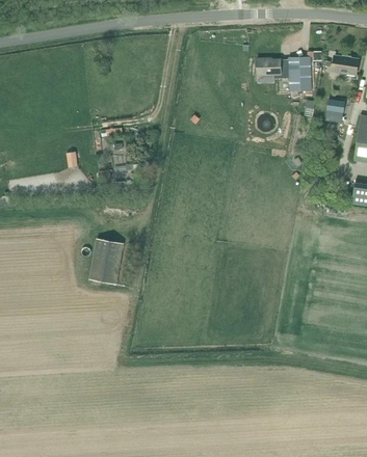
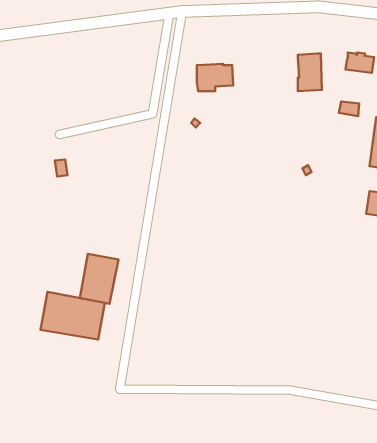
building: [257,58,290,83] -> [197,64,233,91]
building: none -> [41,292,105,339]

